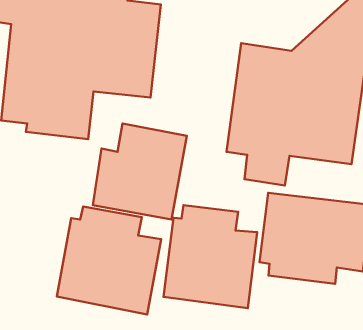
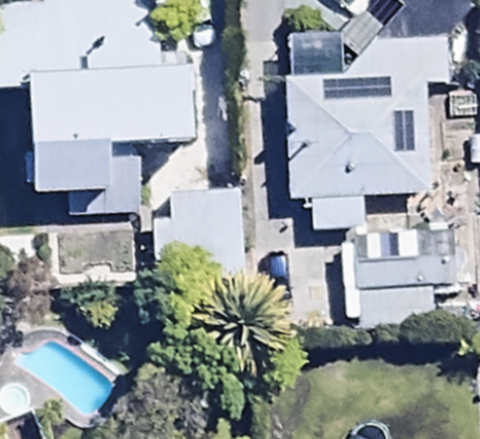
building: [164,205,257,308] -> none
building: [57,206,161,314] -> none

